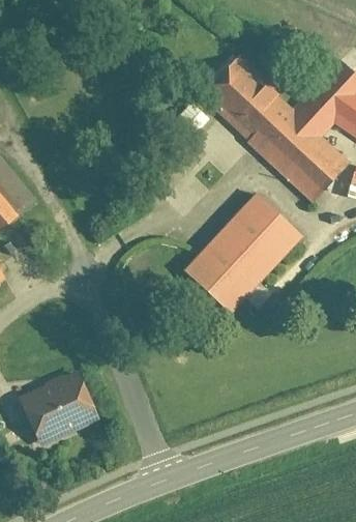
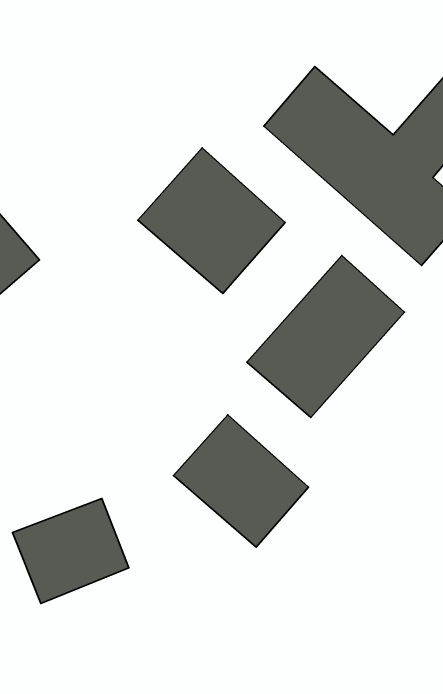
building: none -> [138,148,285,293]
building: none -> [173,415,309,547]

